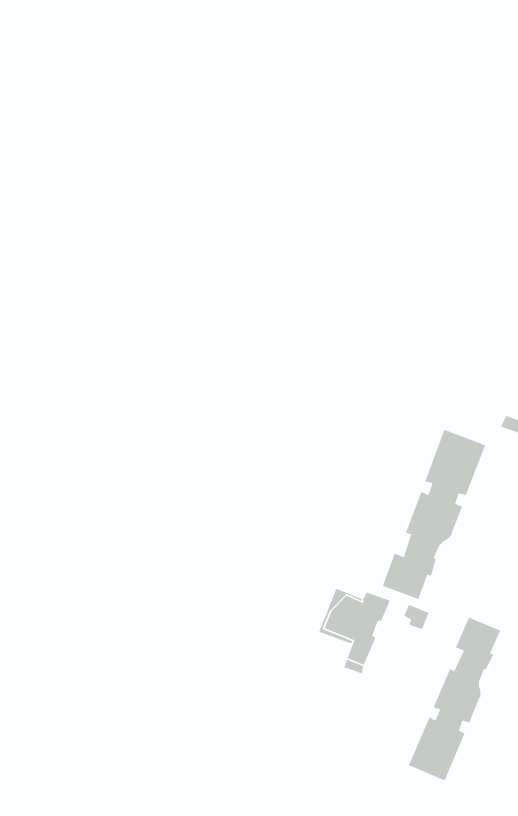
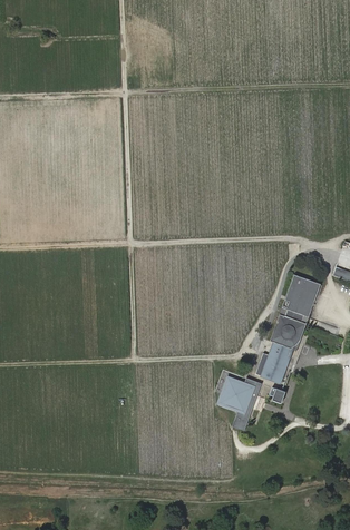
building: [408,616,501,781] -> none

